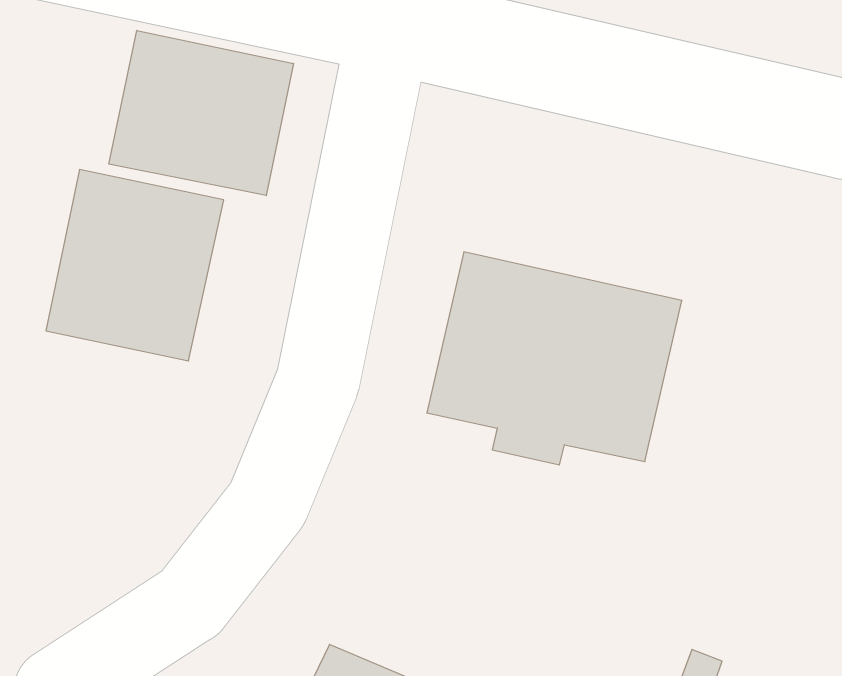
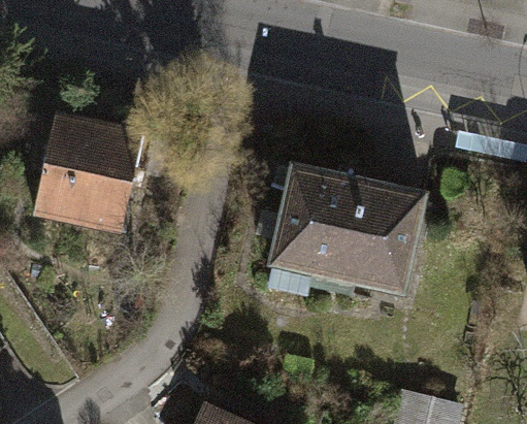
building: [109,30,293,196] -> none

